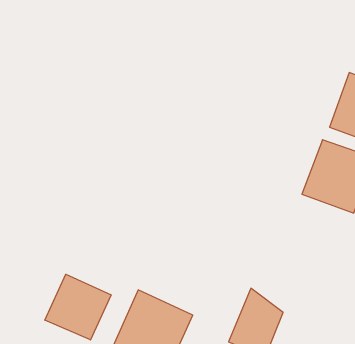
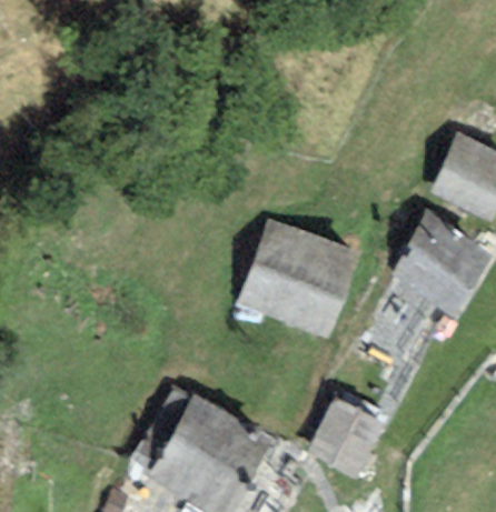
building: none -> [242,230,344,331]
building: [45,274,111,340] -> none

